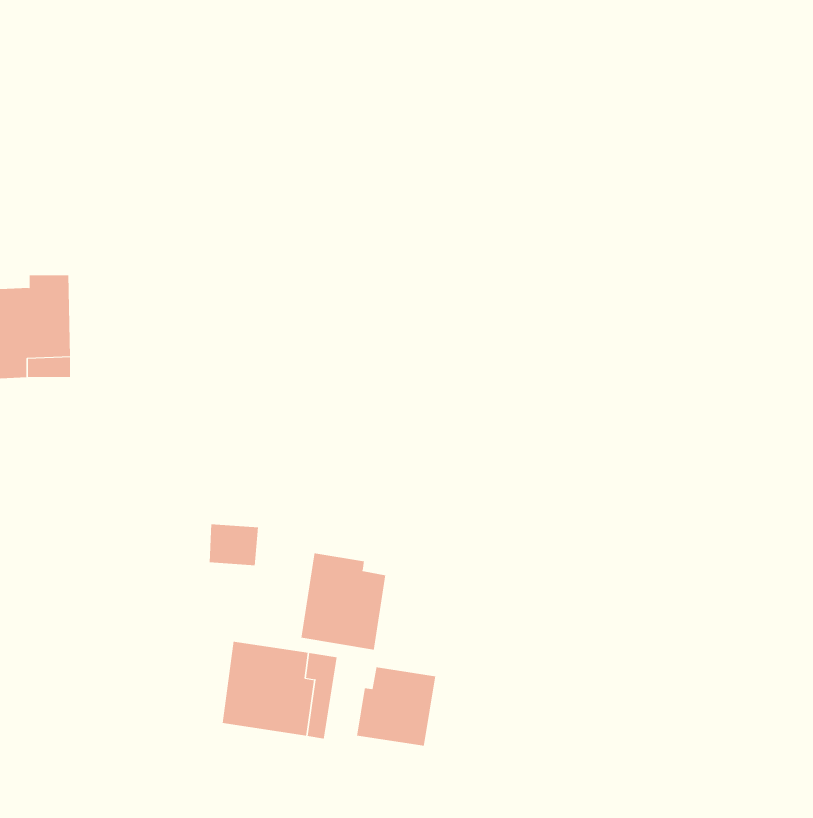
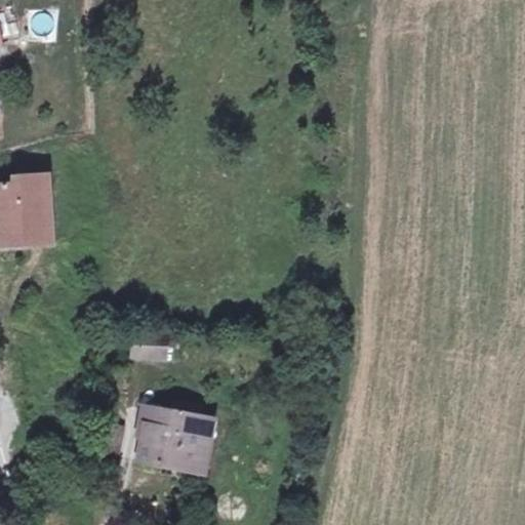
building: [301,553,386,650] -> none
building: [356,666,436,747] -> none

